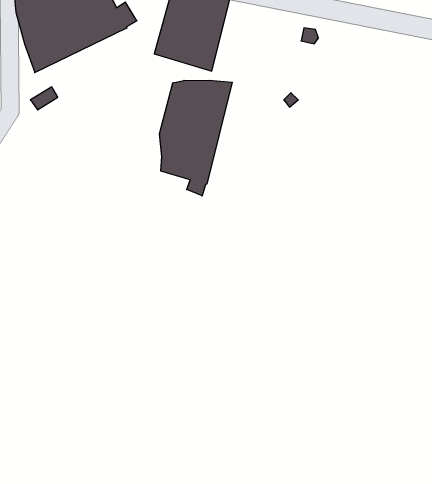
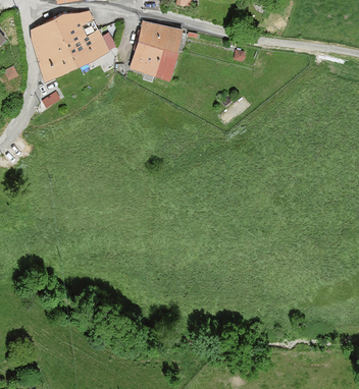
building: [160,80,232,196] -> none

